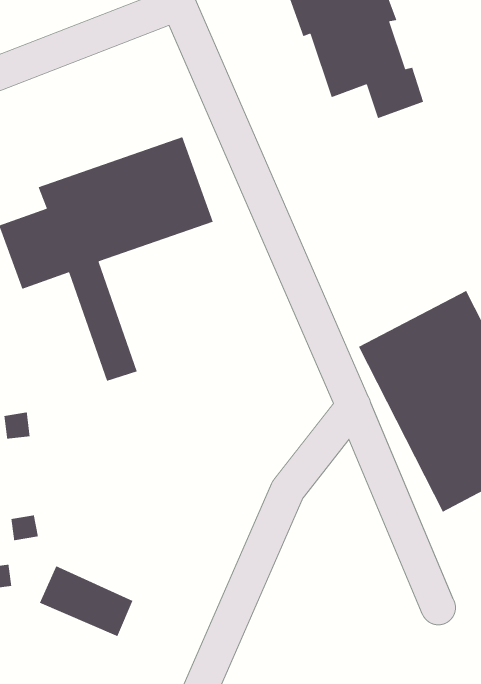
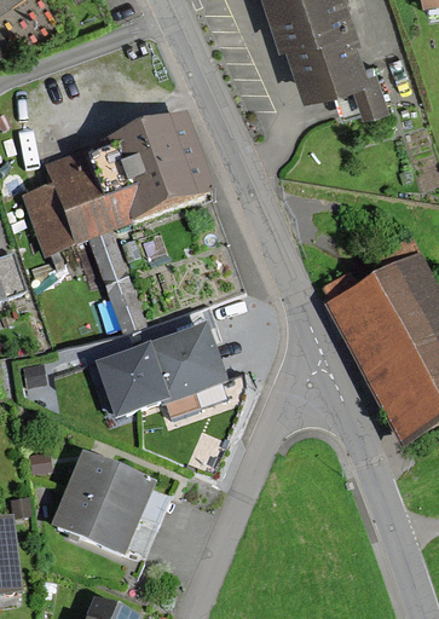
building: none -> [99,326,224,415]
building: none -> [69,458,150,521]

